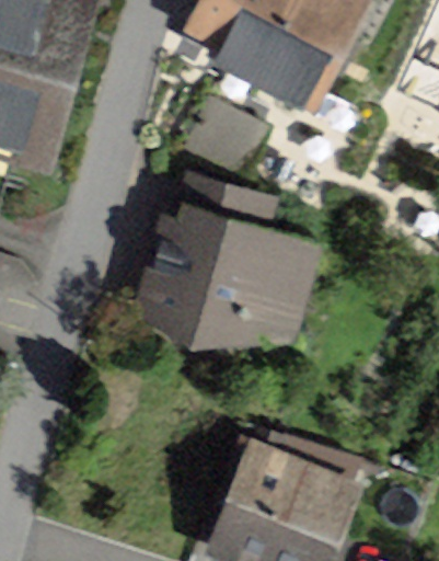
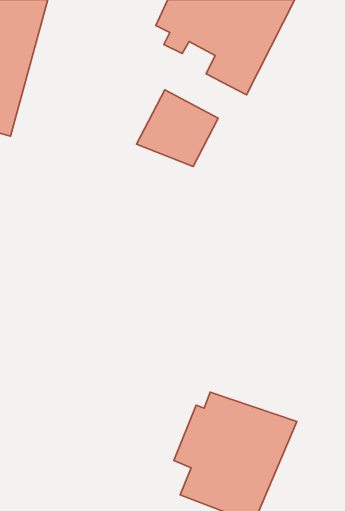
building: [150,186,305,336] -> none

